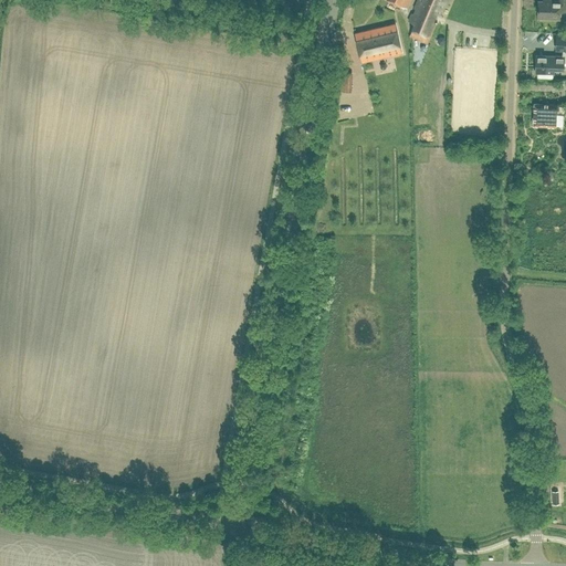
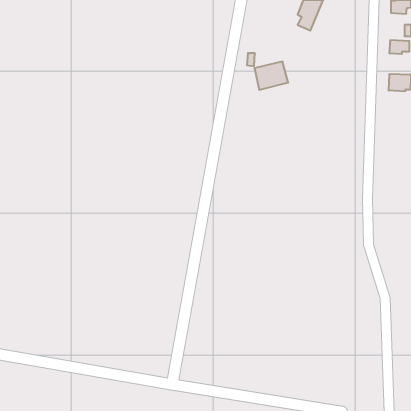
building: [355,23,401,62] -> [254,62,288,90]

